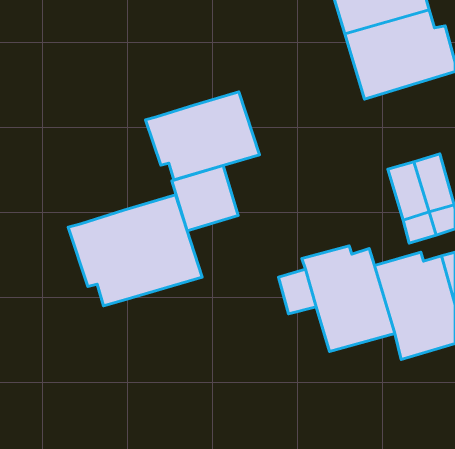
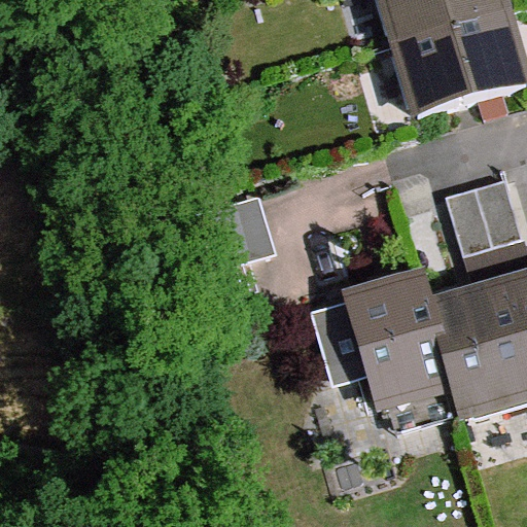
building: [145,92,259,180] -> none
building: [68,195,202,306] -> none

